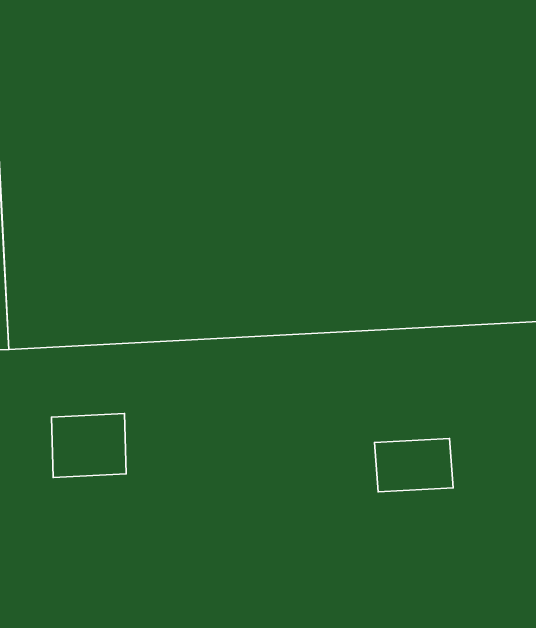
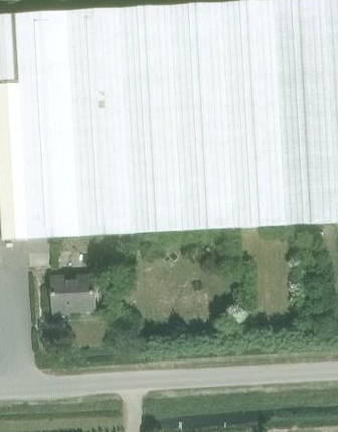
building: [374,439,453,492] -> none

